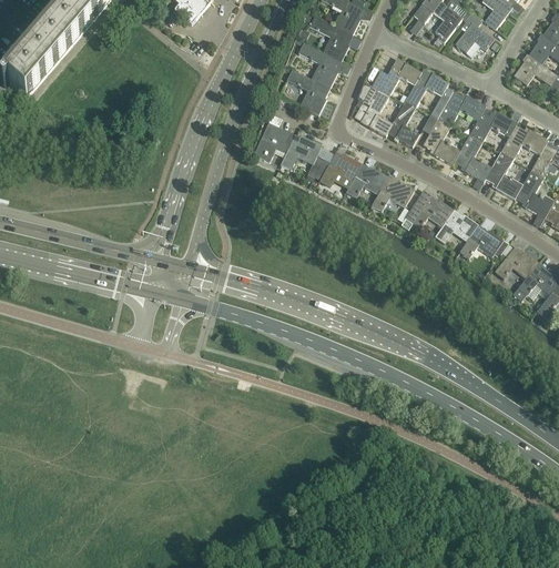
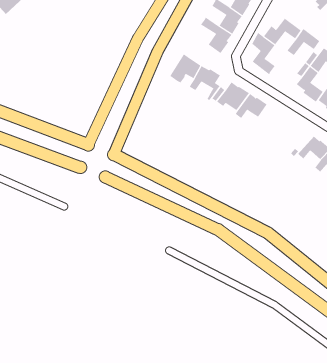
building: [386,101,418,146] -> none
building: [370,175,414,210] -> none
building: [400,191,454,229] -> none

